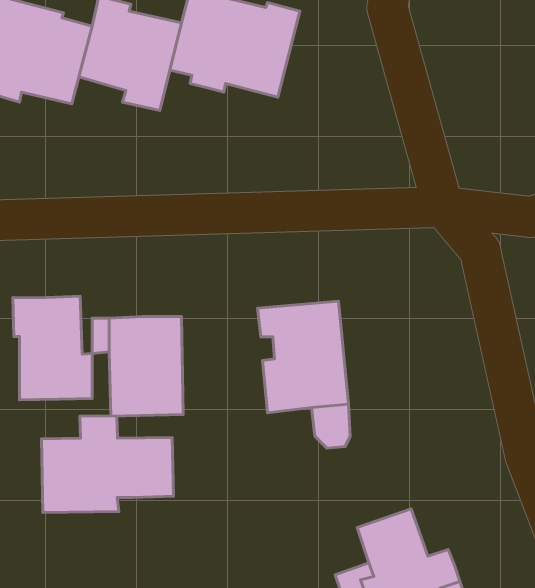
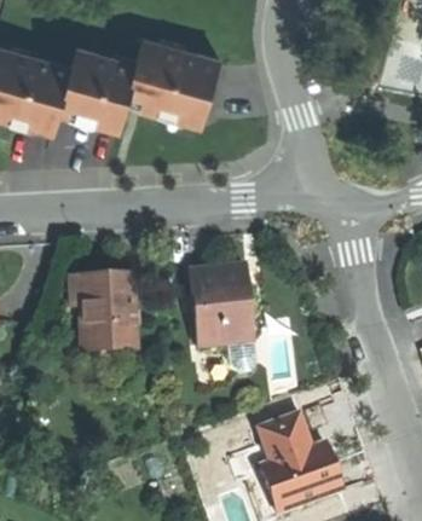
building: [13,296,92,400] -> none
building: [42,416,173,512] -> none

